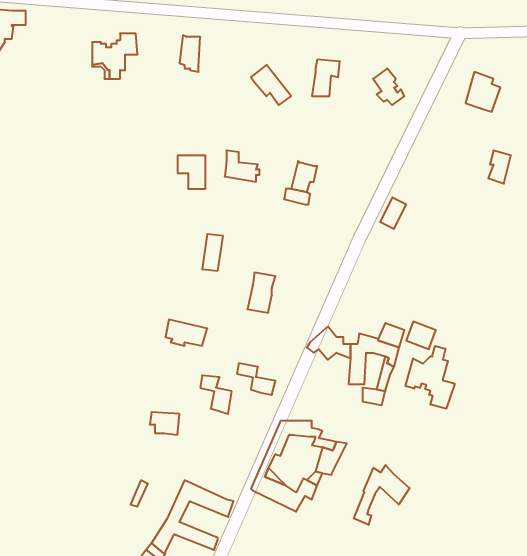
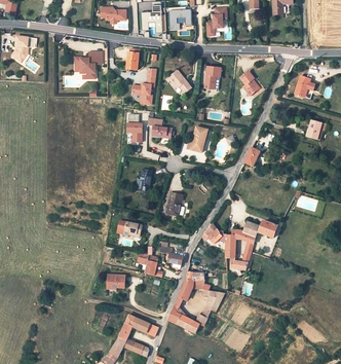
building: none -> [131,69,156,105]
building: [406,346,455,409] -> none
building: [354,465,410,525] -> none

